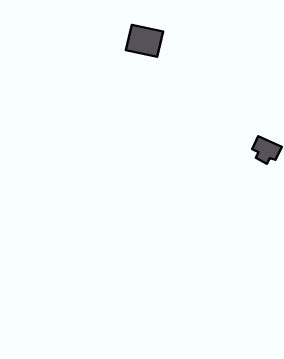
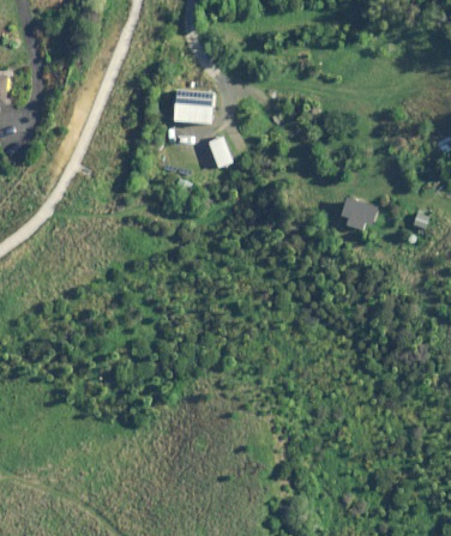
building: none -> [208,137,239,169]

